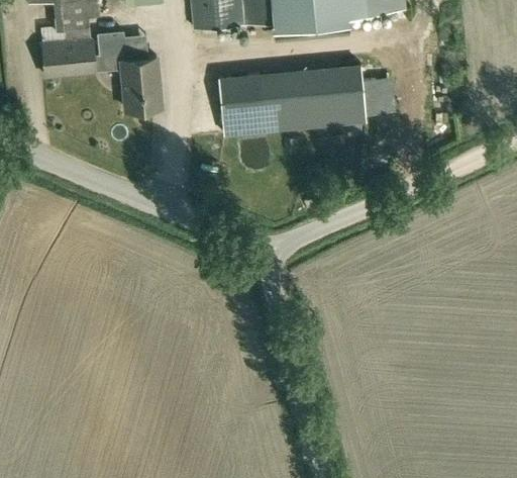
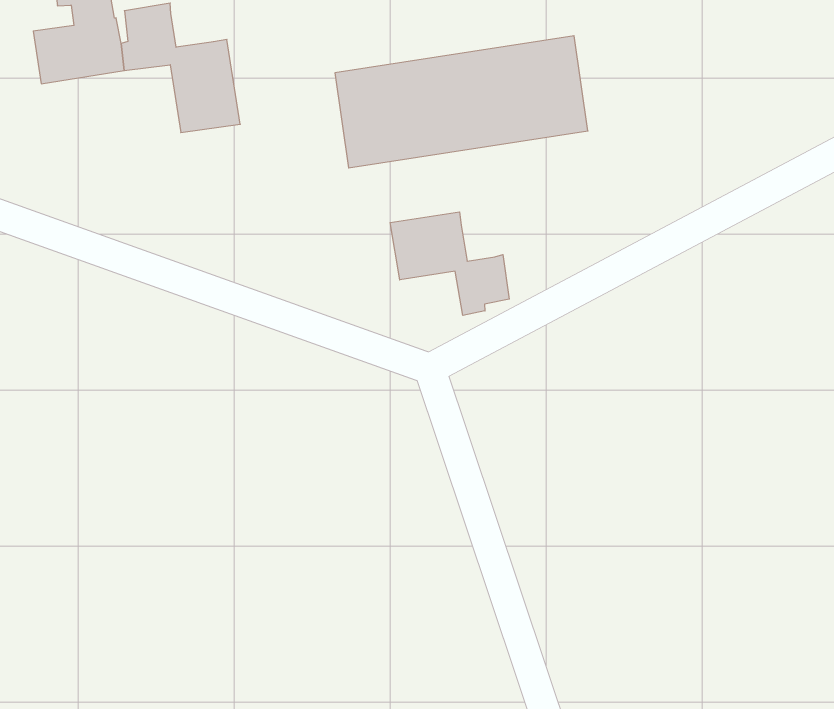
building: none -> [390,212,509,315]

